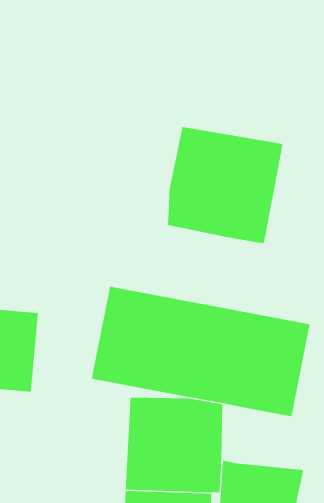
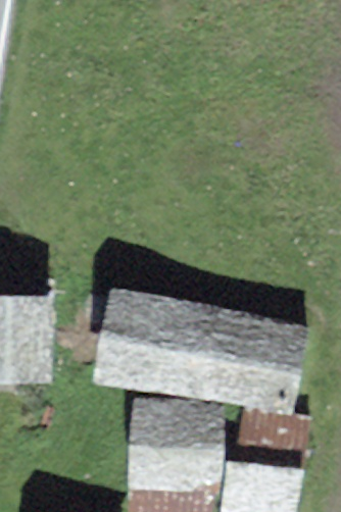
building: [167,126,284,244] -> none
building: none -> [236,407,310,469]

